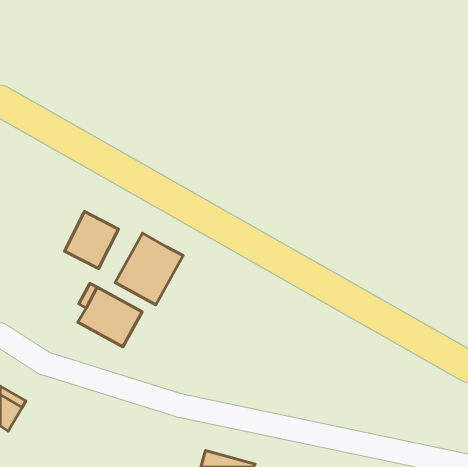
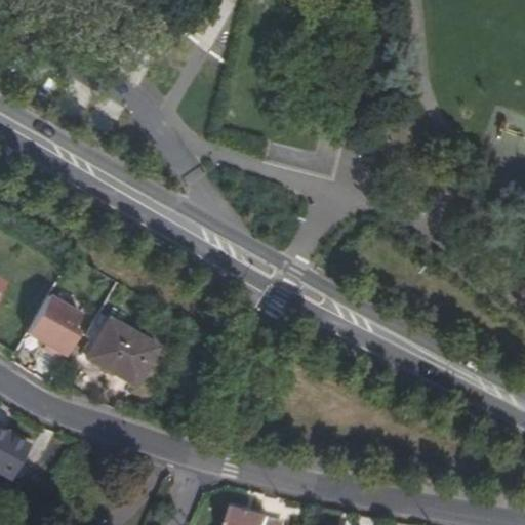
building: [64,212,119,269] -> [26,290,86,354]
building: [115,233,183,305] -> none

